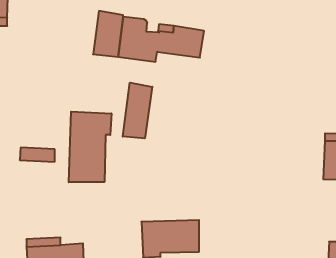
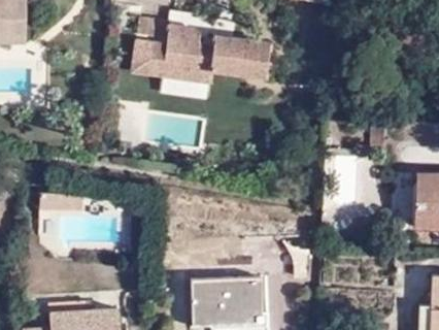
building: [123,83,152,138] -> none
building: [69,112,111,182] -> none

